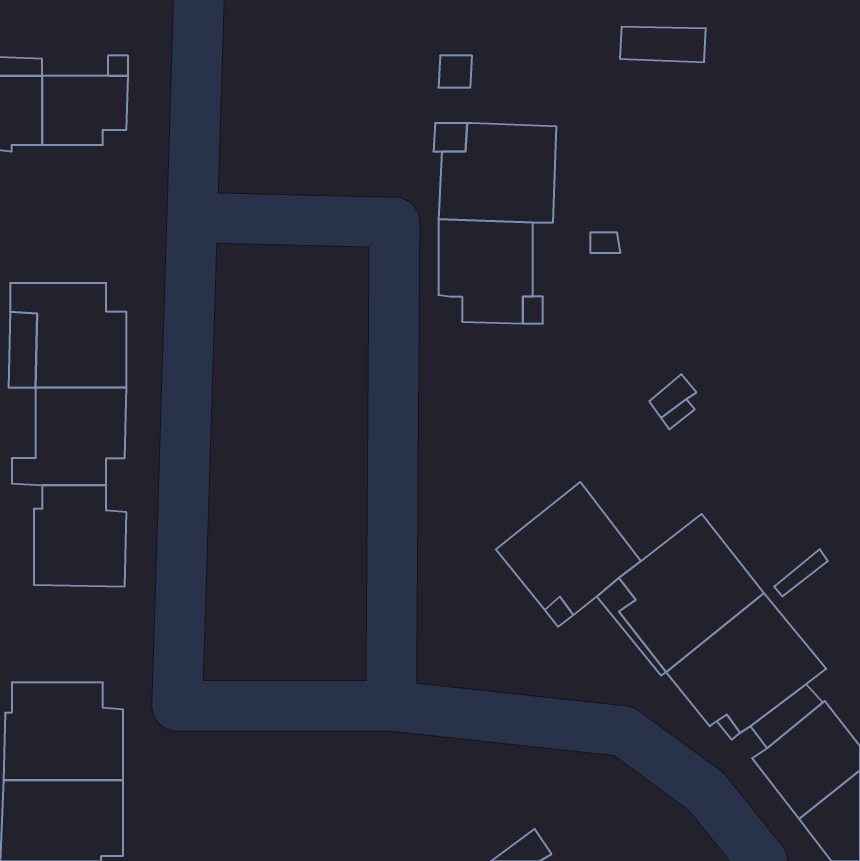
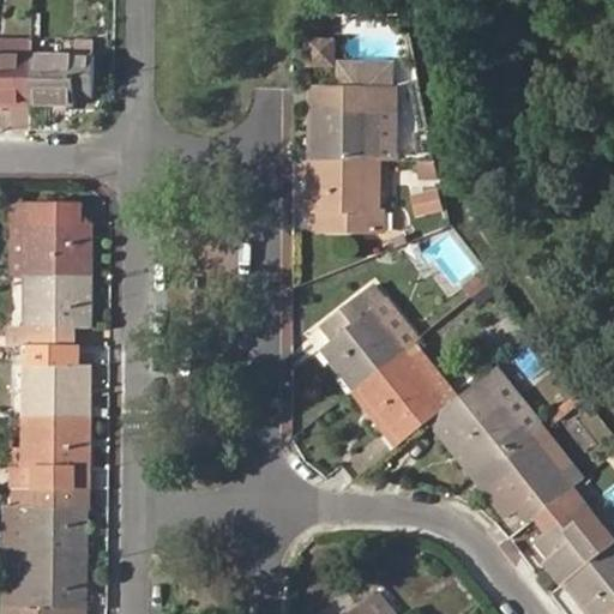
building: [620,27,706,62] -> [336,65,397,90]
building: none -> [320,284,420,391]
building: none -> [8,416,89,486]

